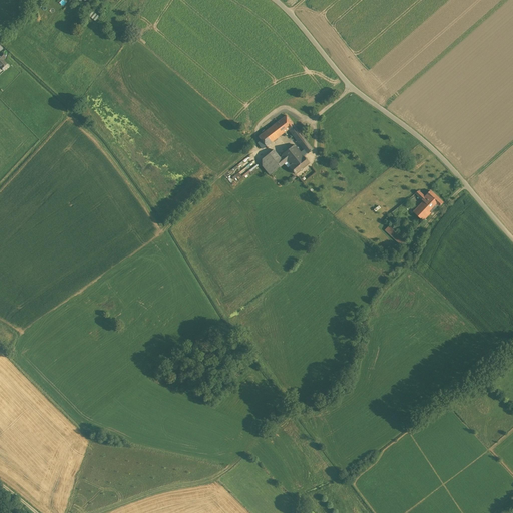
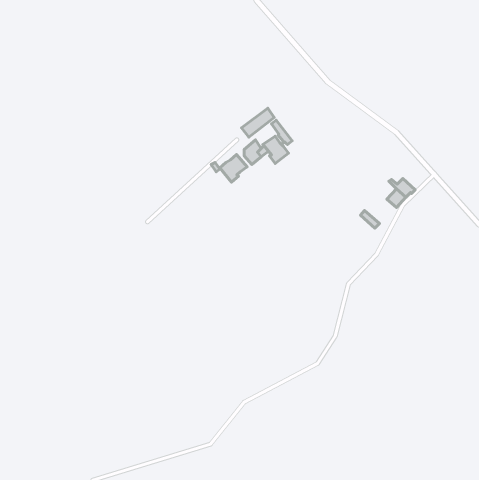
building: none -> [220,155,247,182]

